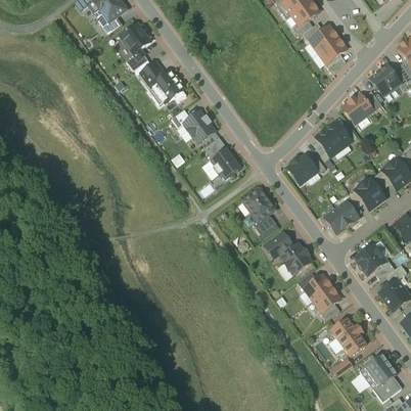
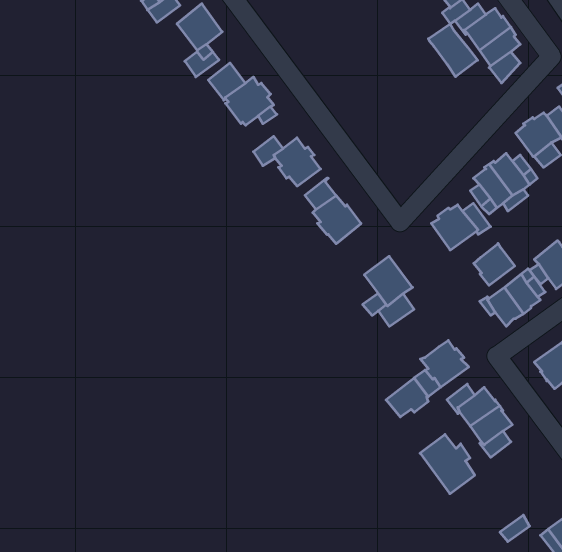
building: none -> [428,24,478,77]
building: none -> [474,243,515,285]
building: [265,232,292,258] -> [386,378,428,417]
building: [330,317,366,356] -> [420,434,475,494]

